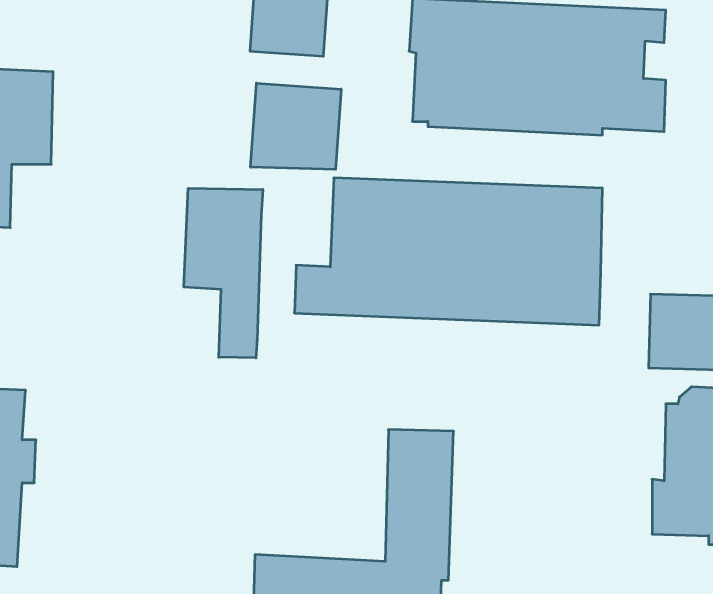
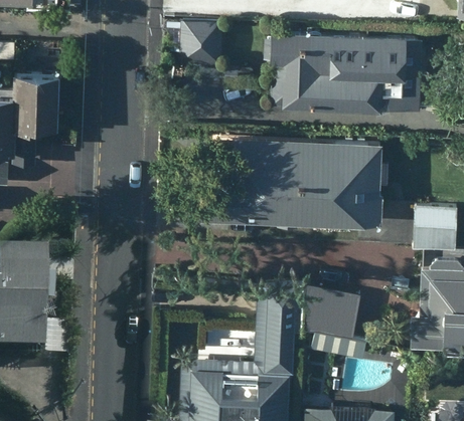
building: [251,83,341,169] -> none
building: [184,188,263,358] -> none
building: none -> [304,286,363,357]

